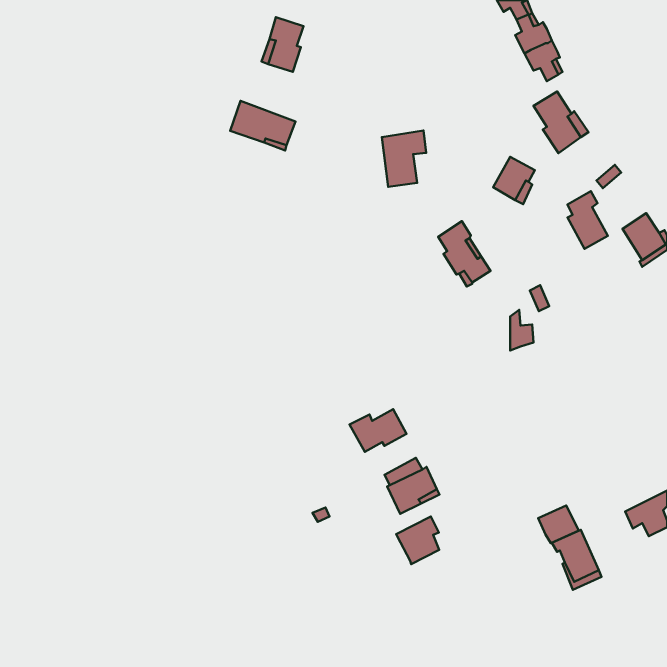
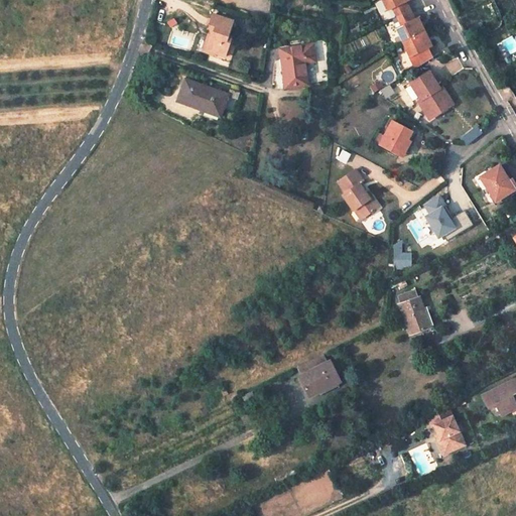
building: [382,131,426,187] -> [280,44,314,88]
building: [567,191,608,249] -> [419,195,450,239]
building: none -> [398,297,426,335]
building: [349,409,407,452] -> none
building: [538,505,579,543] -> none
building: [396,516,439,564] -> none

